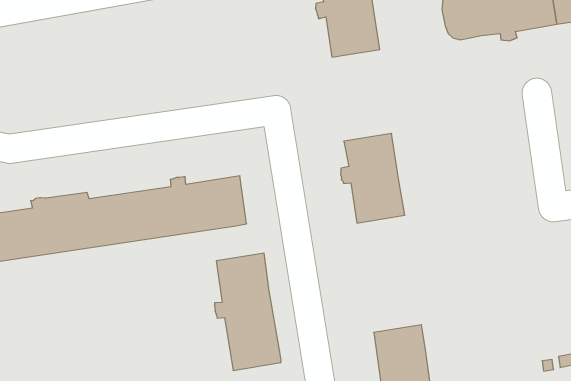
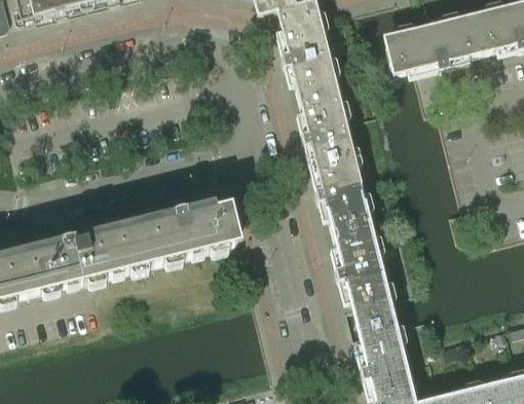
building: none -> [298,85,353,164]
building: [214,253,281,370] -> [332,221,394,321]

